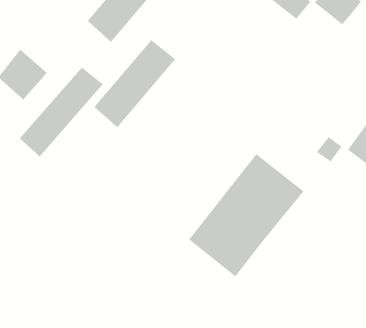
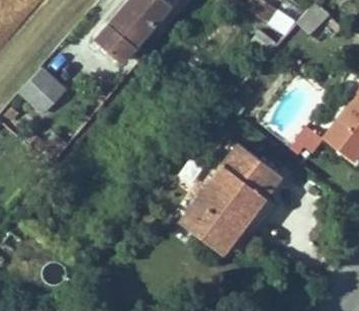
building: [93,39,176,128] -> none
building: [19,67,104,157] -> none

